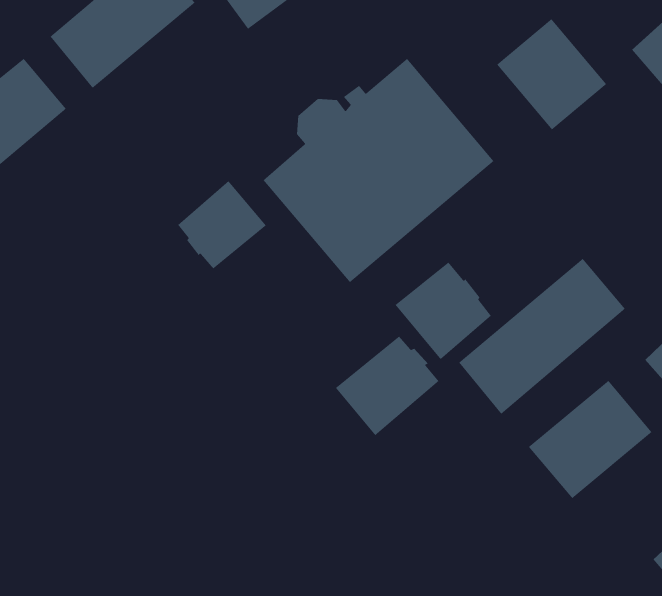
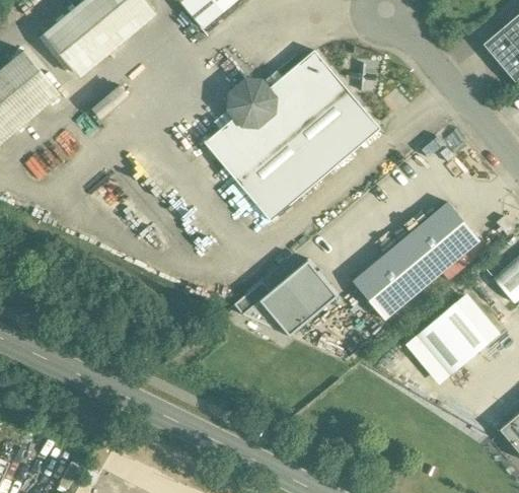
building: [496,18,607,130] -> none
building: [177,180,267,270] -> none
building: [395,261,492,360] -> none

